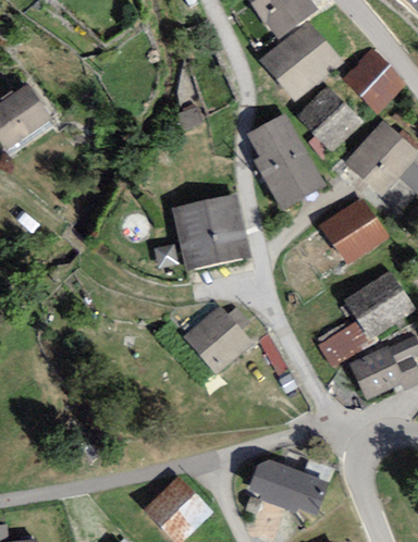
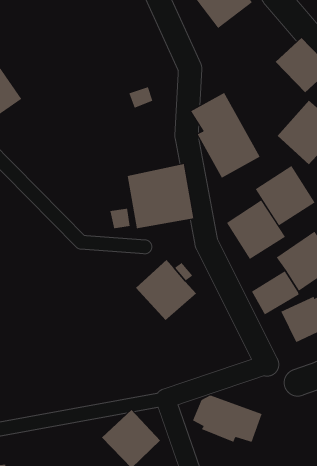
building: [259,23,344,101] -> none
building: [297,85,364,151] -> none
building: none -> [226,200,286,260]

